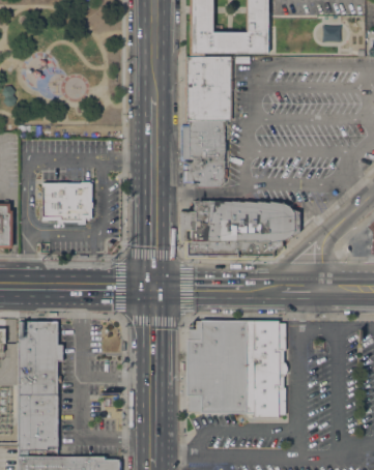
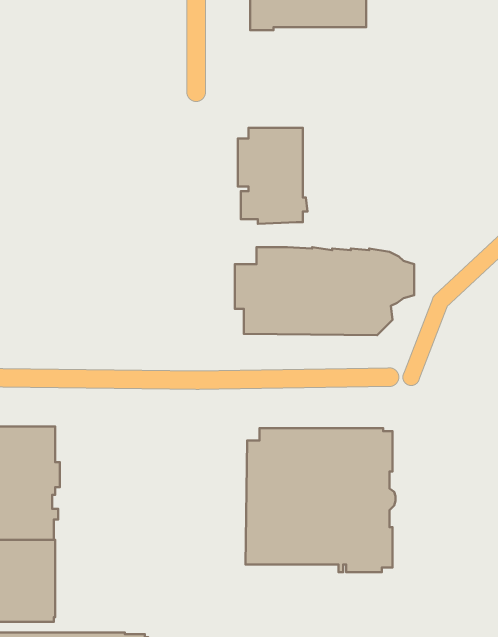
building: [184,56,231,120] -> none
building: [39,180,92,225] -> none

